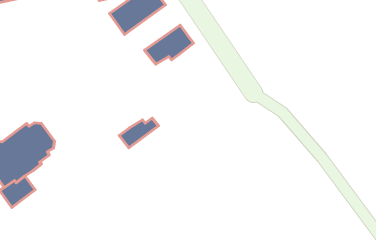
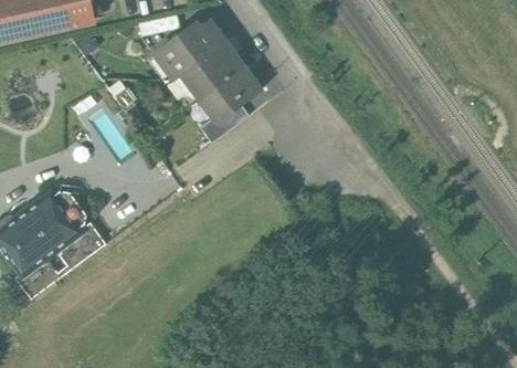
building: none -> [181,41,244,98]
building: [119,118,158,148] -> [200,104,250,141]
building: none -> [57,221,106,267]

